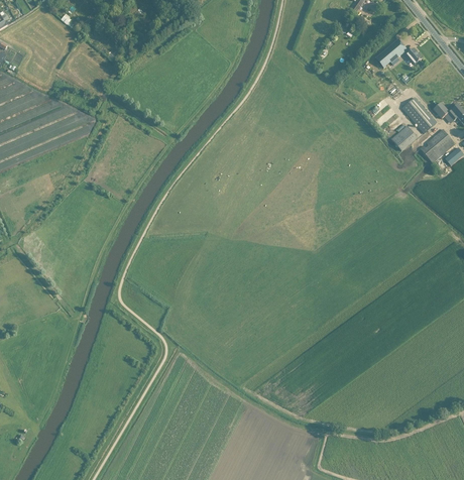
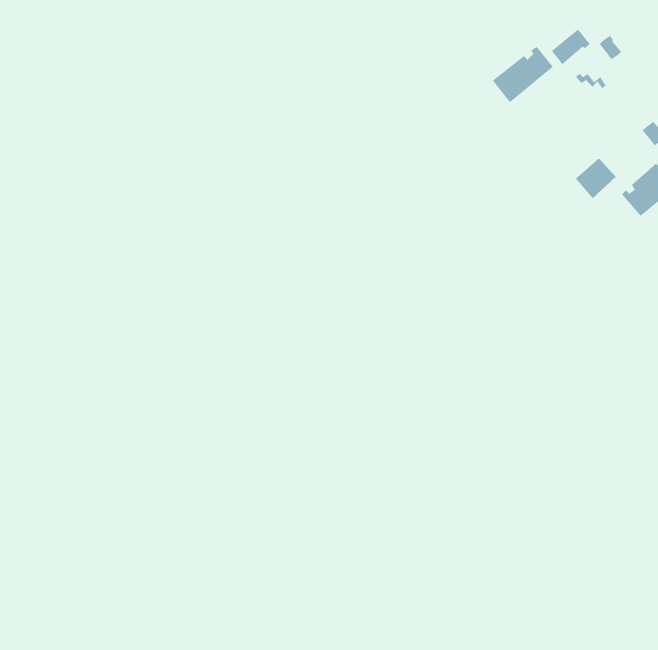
building: none -> [492,46,554,103]
building: [401,97,436,133] -> none

